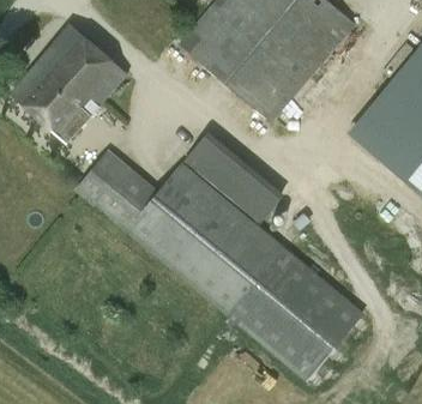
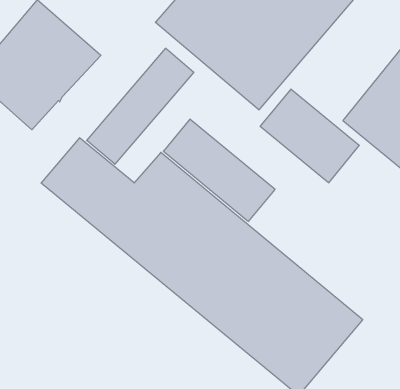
building: none -> [87,48,194,164]
building: none -> [260,89,359,183]

